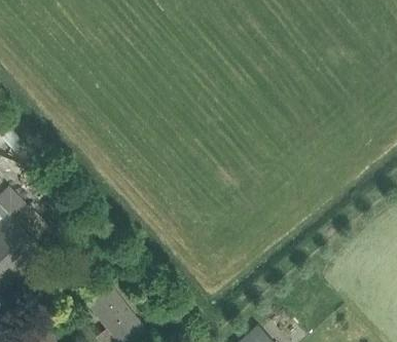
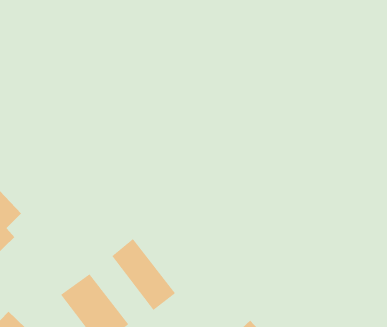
building: none -> [111,238,176,311]

